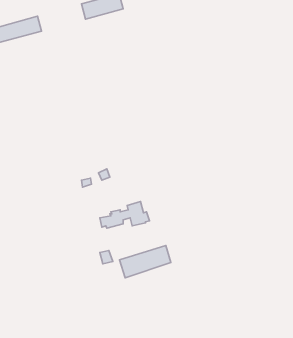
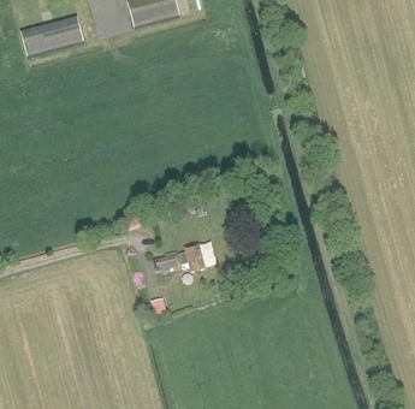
building: [119,246,171,278] -> none

